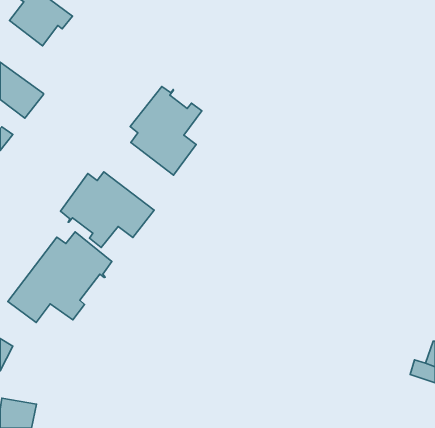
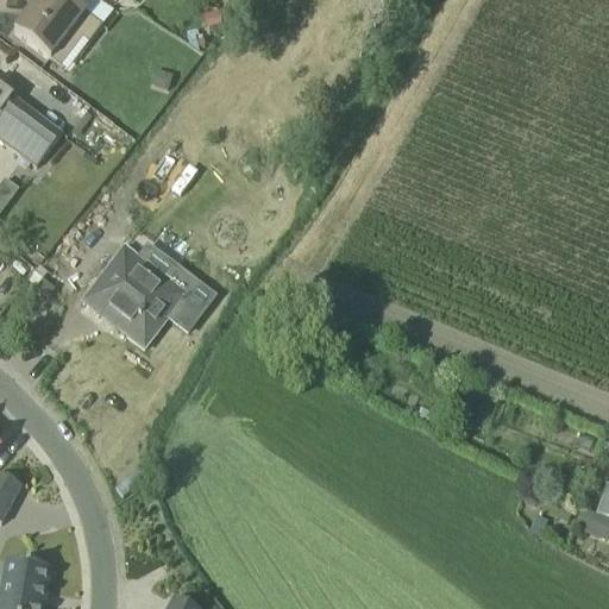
building: [130,87,202,175] -> none
building: [8,232,112,322] -> none

